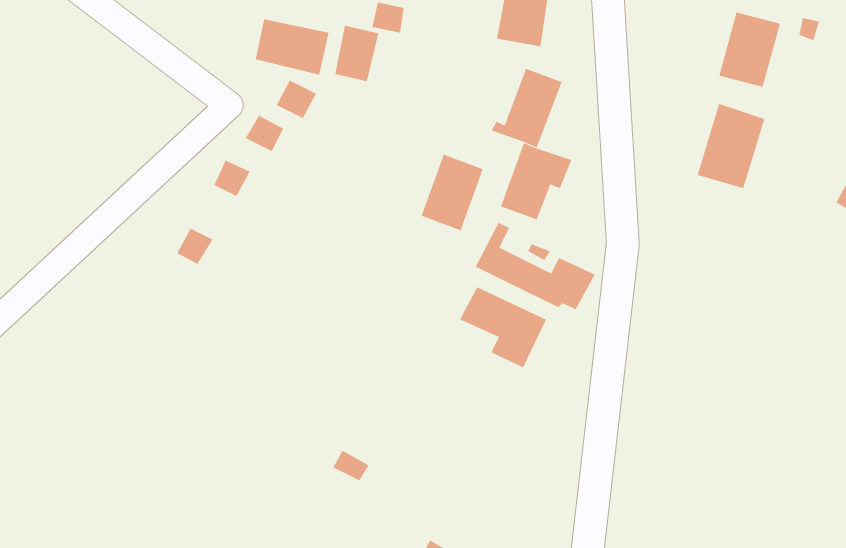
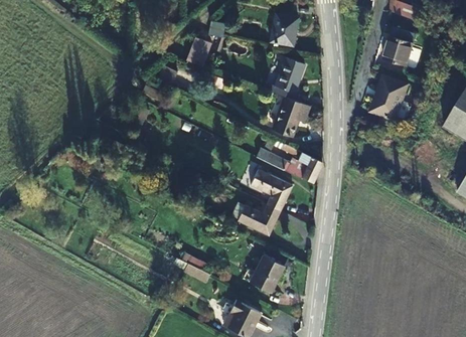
building: [255,18,329,75] -> none
building: [421,154,483,231] -> none
building: none -> [237,203,284,235]
building: none -> [249,255,284,293]

